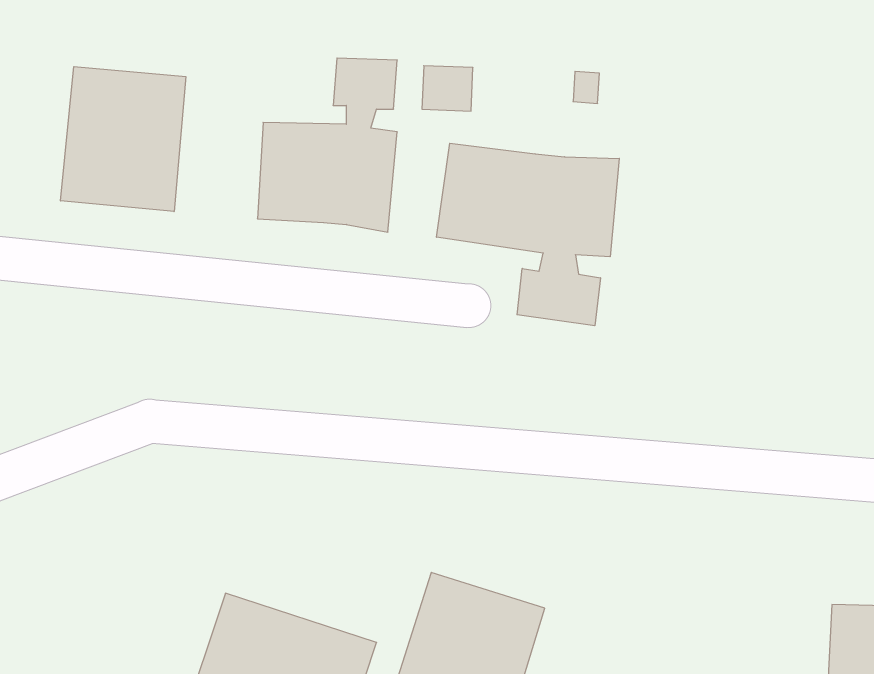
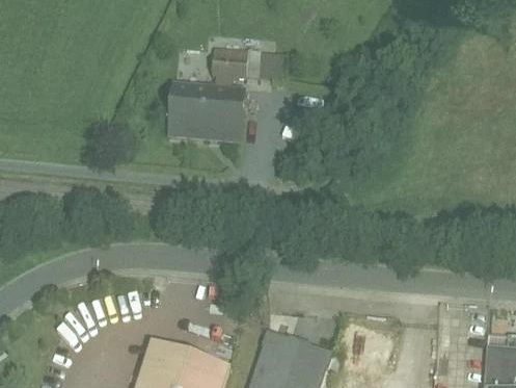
building: [61,67,186,212] -> none
building: [437,143,619,326] -> none

